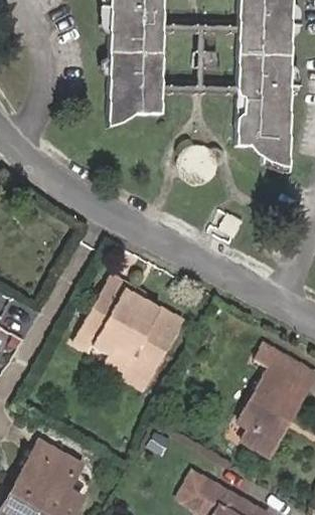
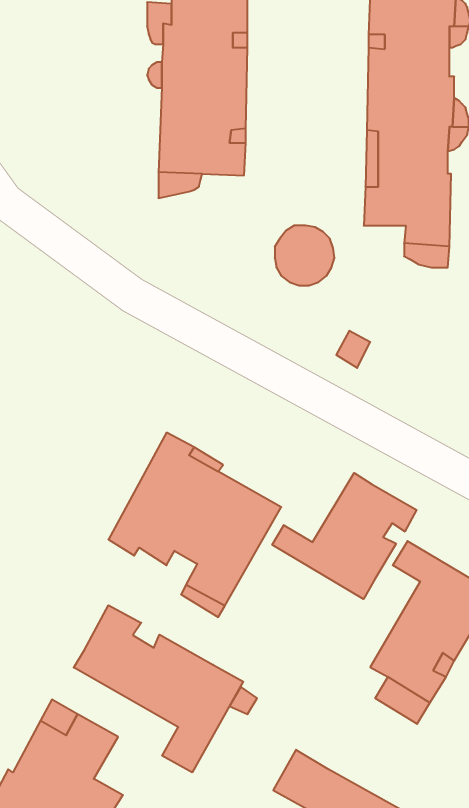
building: none -> [272,473,417,599]
building: none -> [74,605,243,772]

